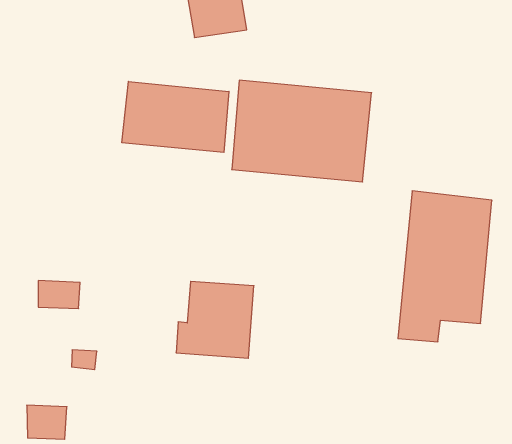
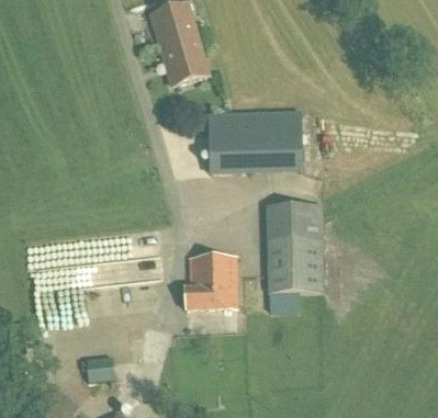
building: [122,81,229,152] -> none
building: [398,191,492,342] -> [266,203,325,308]

